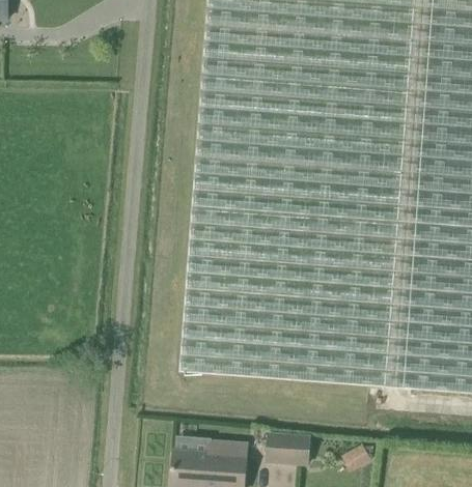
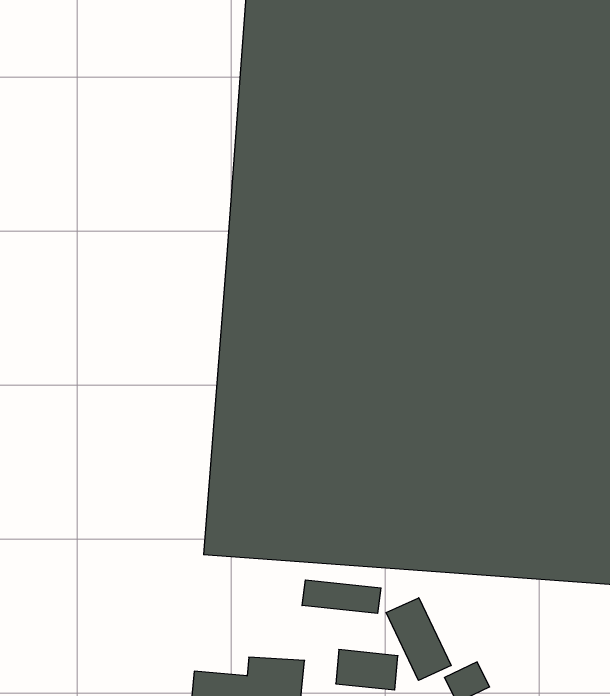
building: none -> [302,580,381,613]
building: none -> [386,598,451,680]

